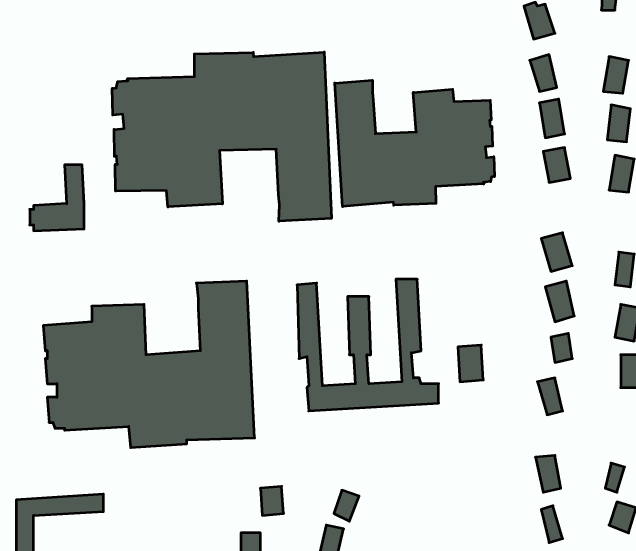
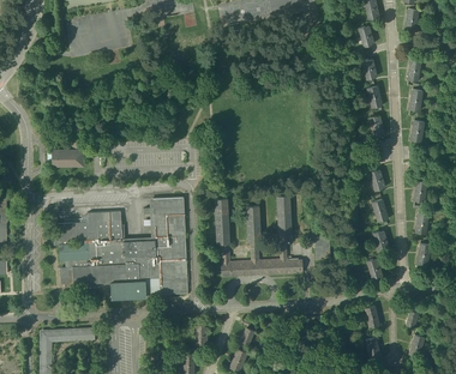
building: [112,52,331,221] -> none
building: [335,80,494,207] -> none

